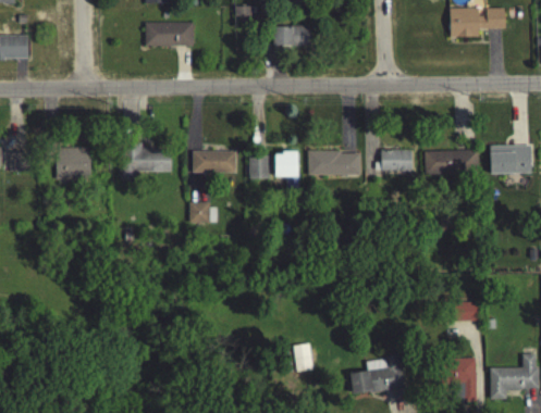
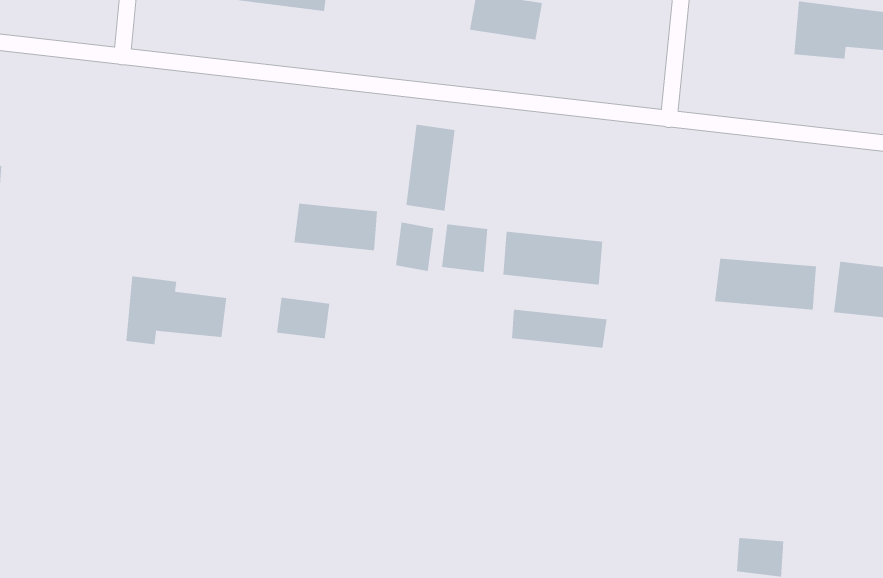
building: none -> [406,124,455,211]
building: [119,143,172,179] -> [125,276,227,345]
building: [56,147,91,180] -> none
building: [381,149,413,172] -> none
building: none -> [511,309,607,349]

